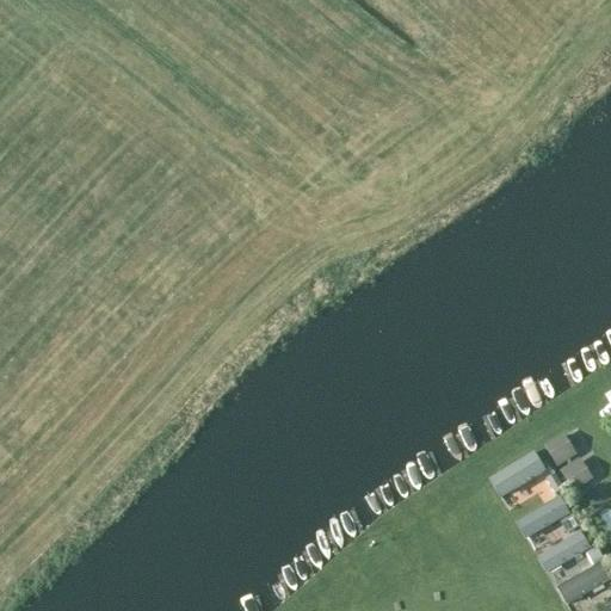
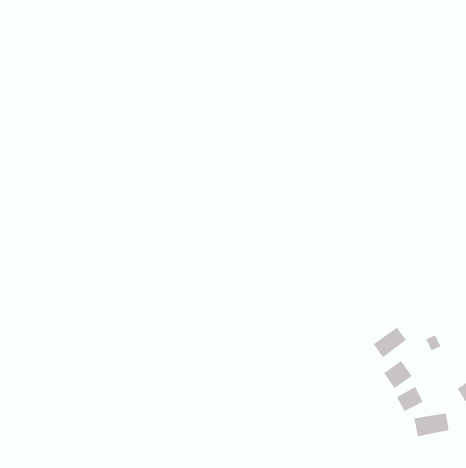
building: none -> [373,327,407,358]
building: [557,562,598,600] -> none

